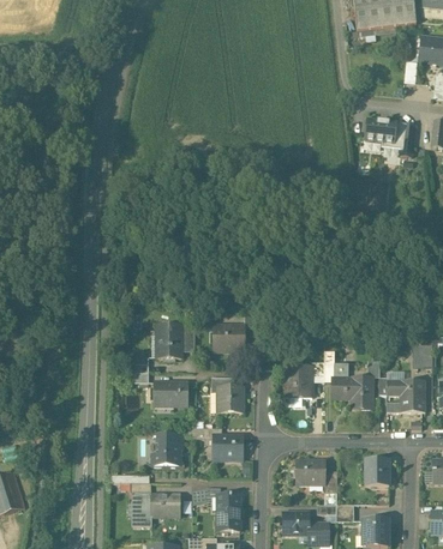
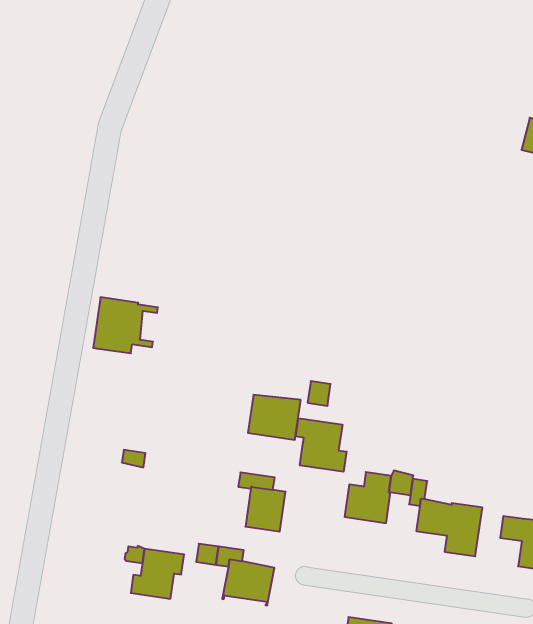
building: [156,324,194,357] -> [93,297,158,353]
building: none -> [296,418,347,472]
building: [154,381,187,405] -> none

